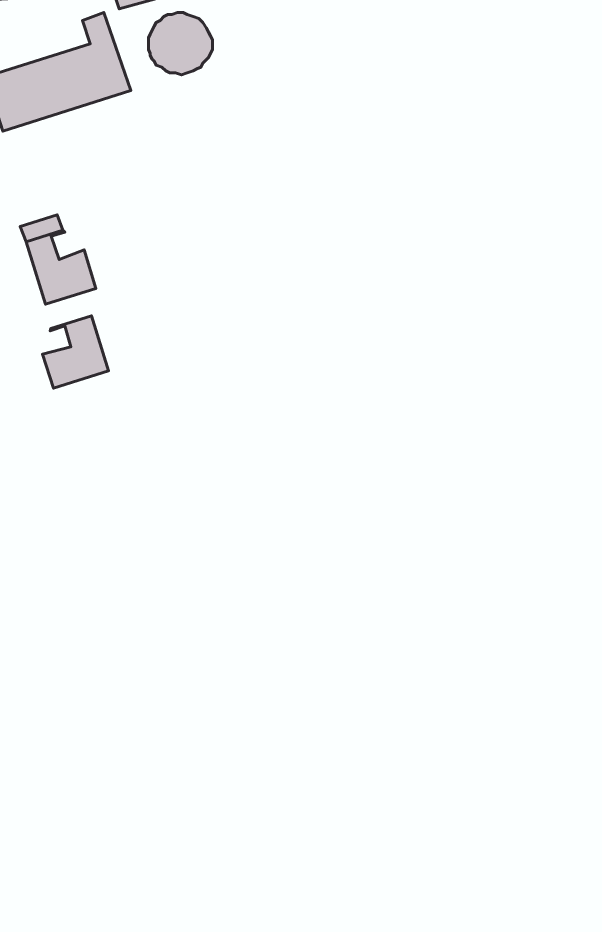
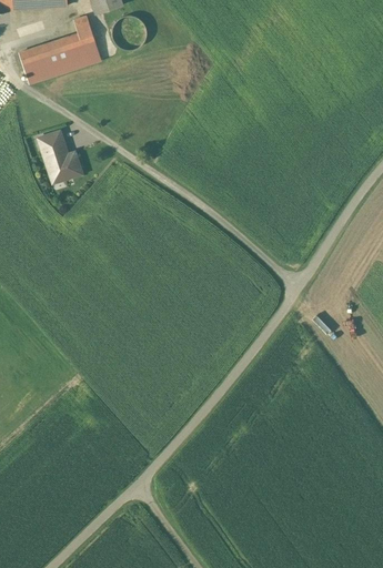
building: [42,316,109,388] -> none

